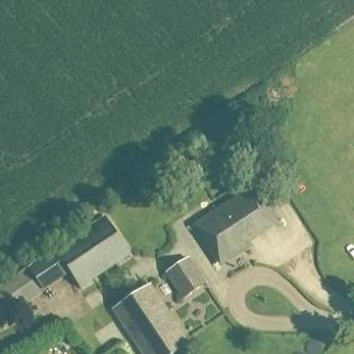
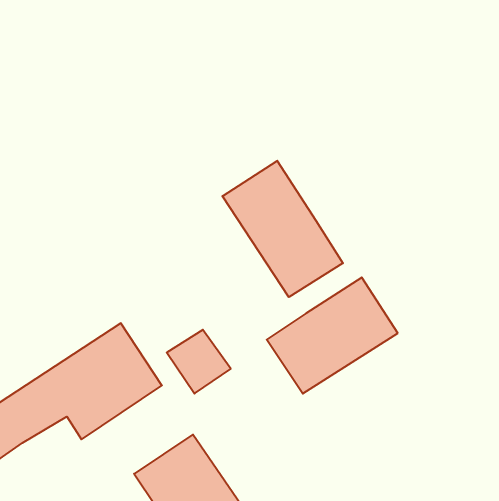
building: none -> [222,161,343,297]
building: [164,257,204,297] -> [167,330,231,394]

